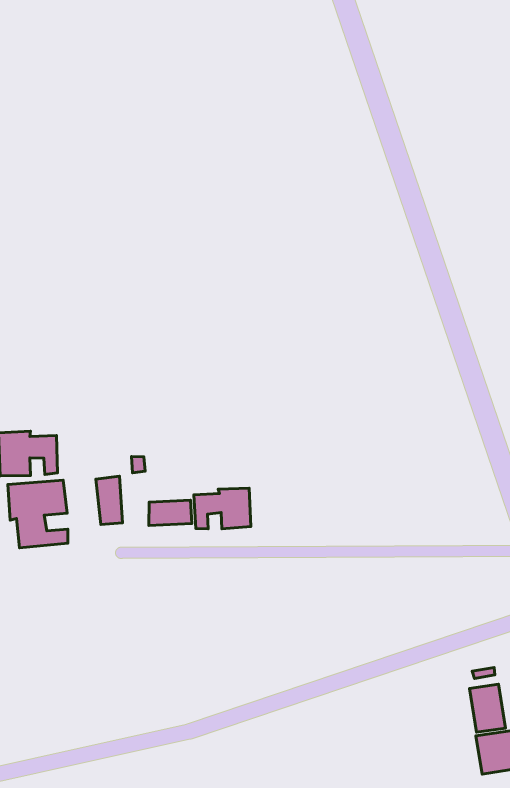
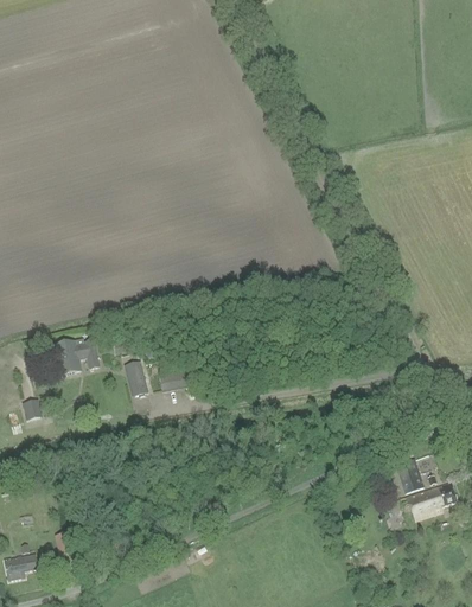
building: [8,480,68,548] -> none
building: [194,488,251,529] -> none

